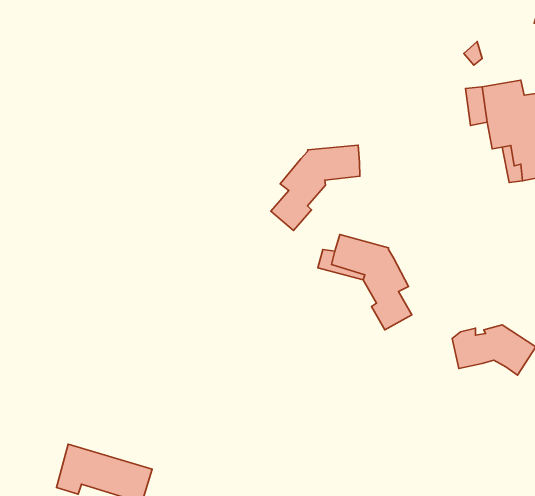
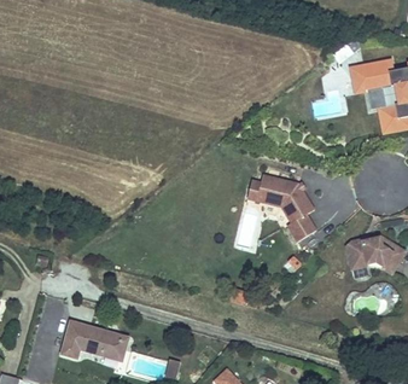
building: [271,145,360,230] -> none

